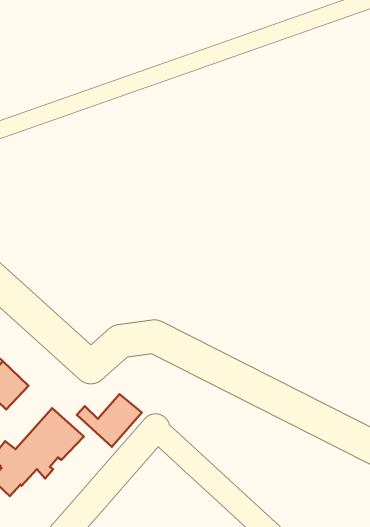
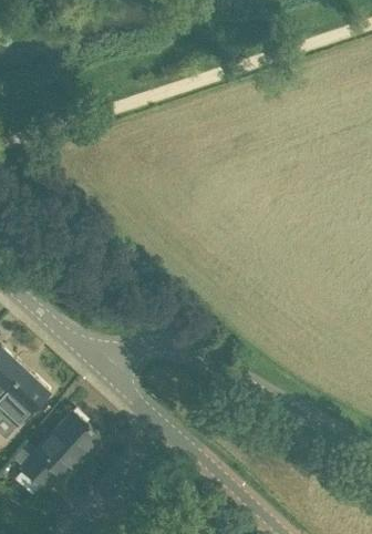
building: [77,394,142,447] -> none

